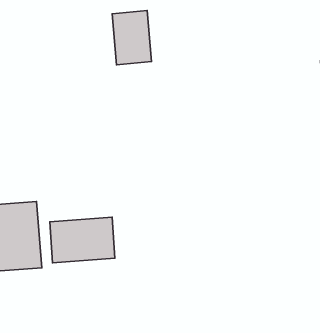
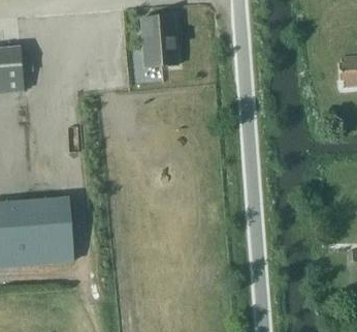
building: [50,217,115,263] -> none

